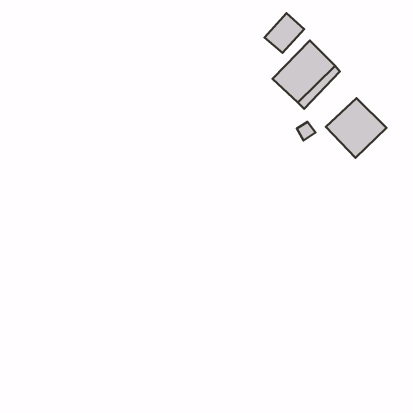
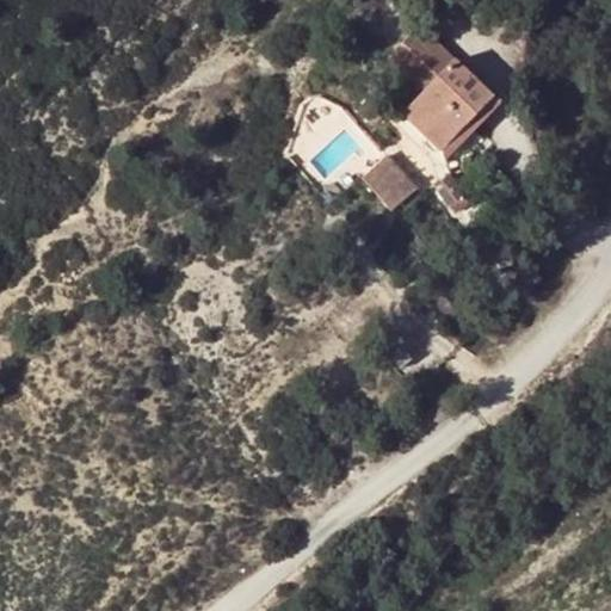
building: [326,98,386,158] -> none
building: none -> [364,148,422,206]

